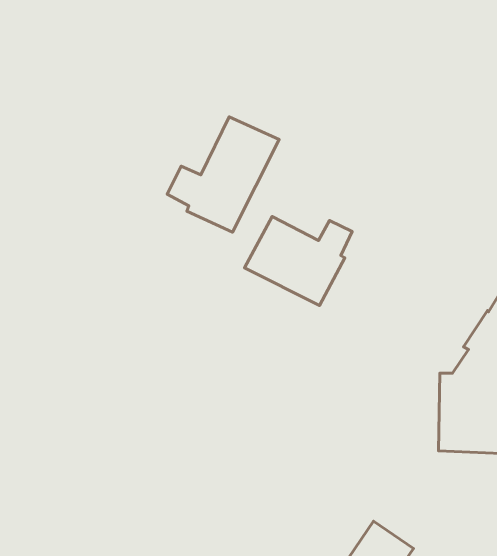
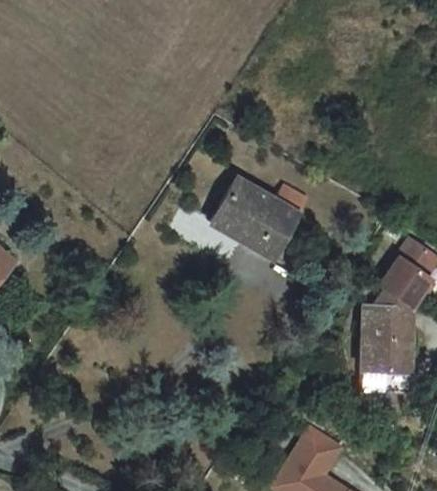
building: [167,117,279,232] -> none

